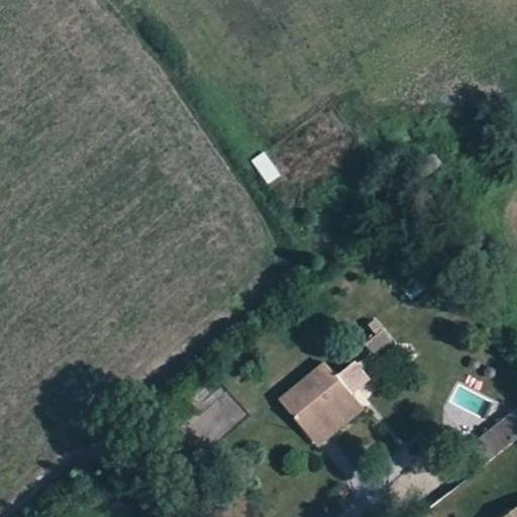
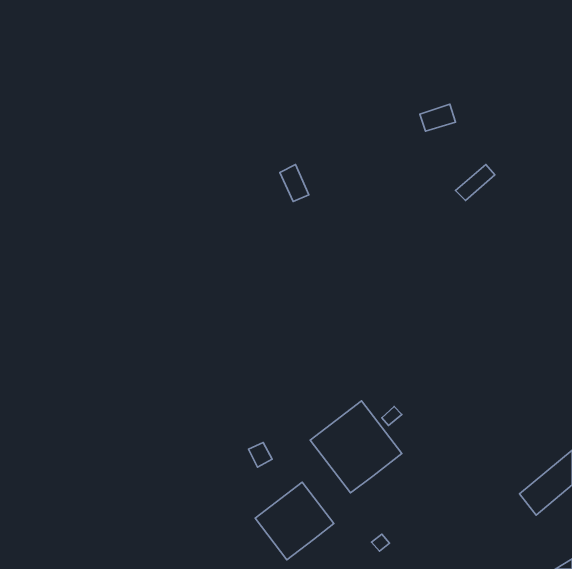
building: none -> [255,482,334,560]

